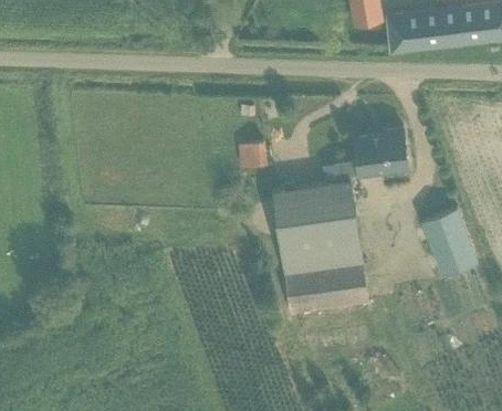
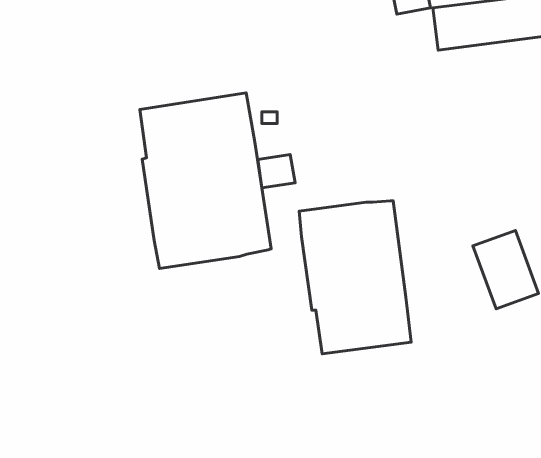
building: none -> [140,93,271,269]
building: [332,126,407,180] -> none

